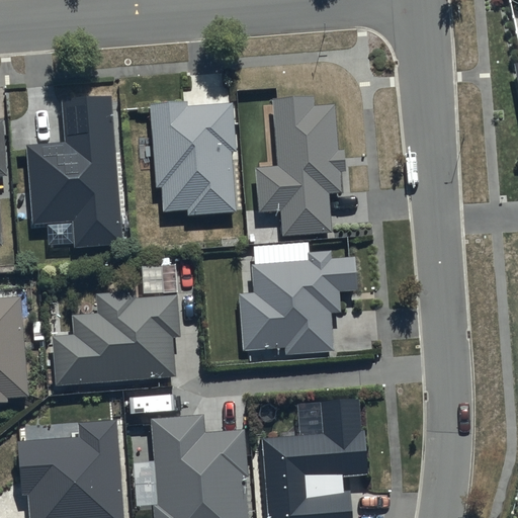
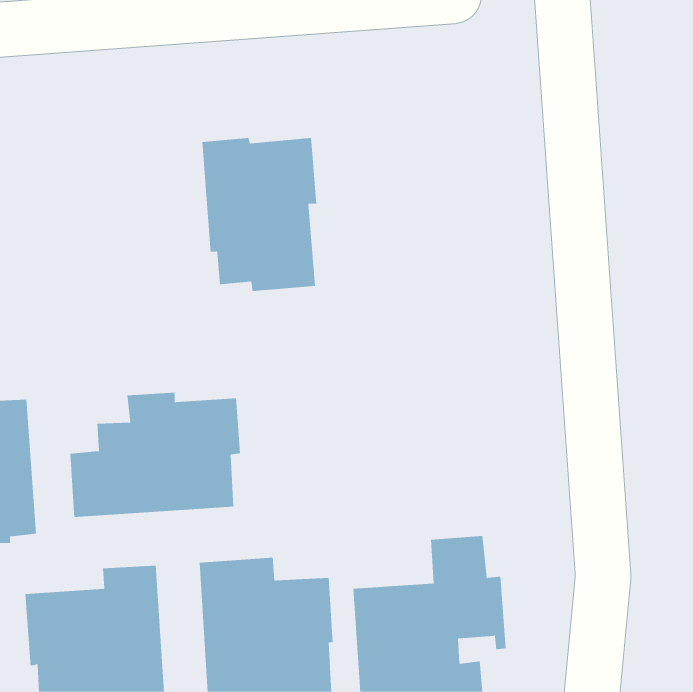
building: [25,96,120,246] -> none
building: [254,96,345,236] -> none
building: [239,251,357,355] -> none

